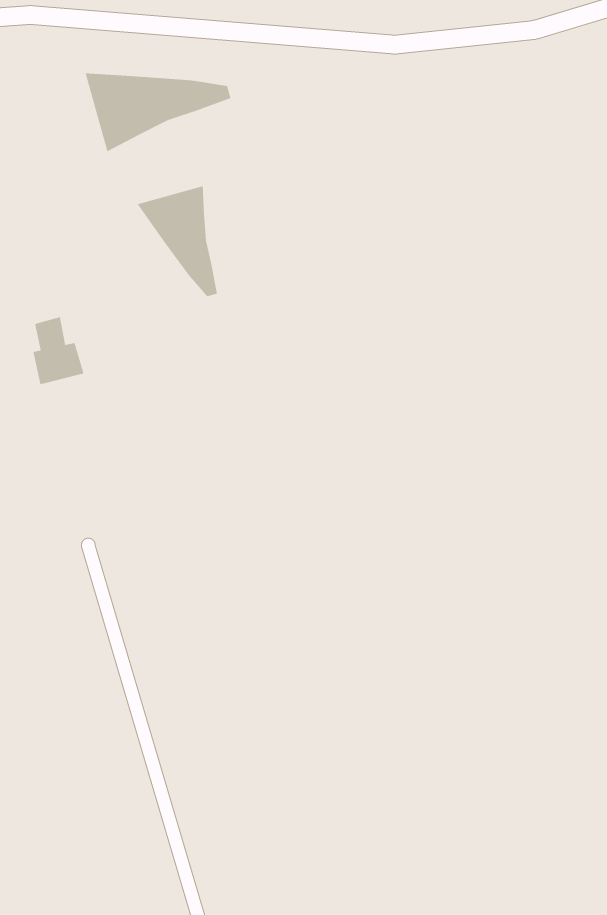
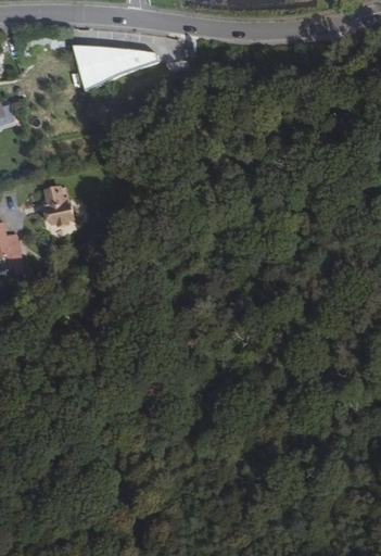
building: [136,185,218,297] -> none

